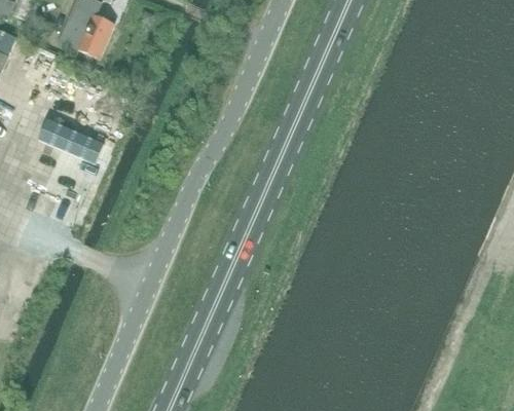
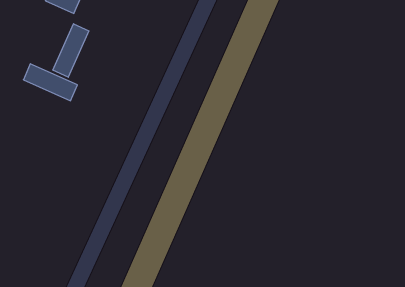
building: none -> [53,24,89,77]

